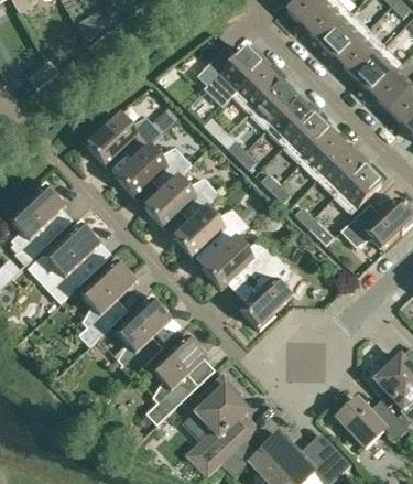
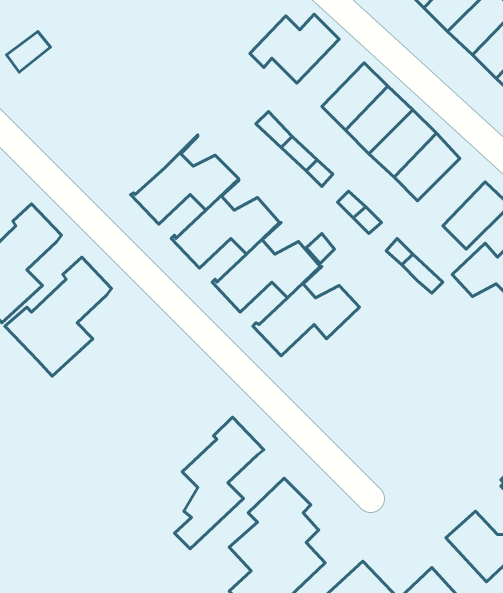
building: [231,66,279,114] -> none
building: [85,116,162,166] -> none
building: [316,150,363,197] -> none
building: [239,255,291,330] -> none
building: [78,257,137,347] -> none
building: [116,294,172,378] -> none

